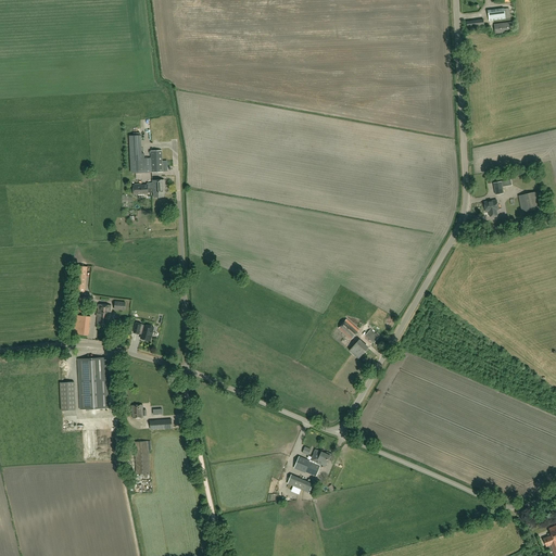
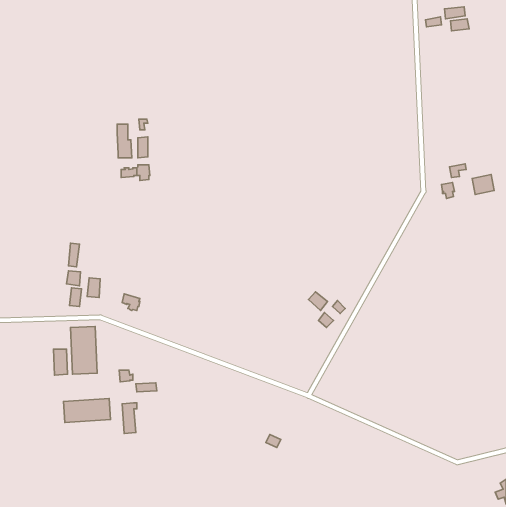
building: none -> [63,398,111,423]
building: [293,450,331,477] -> none

